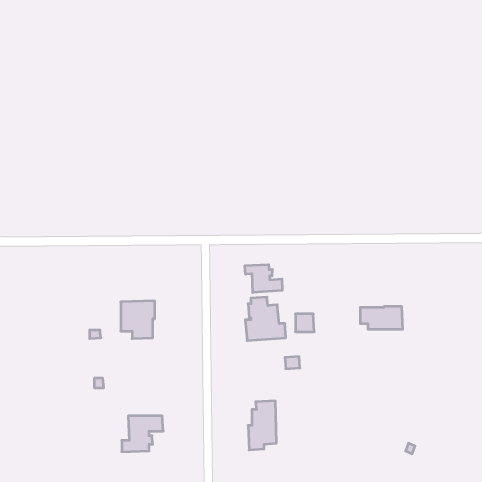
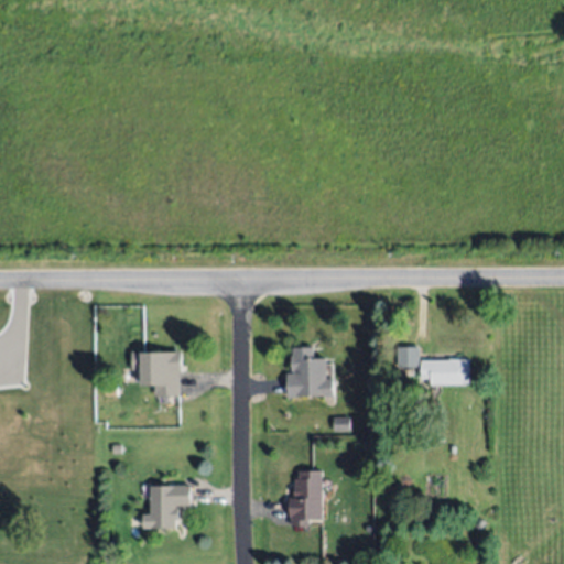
building: [245,265,282,293] -> none
building: [295,314,314,332] -> [397,345,419,366]

